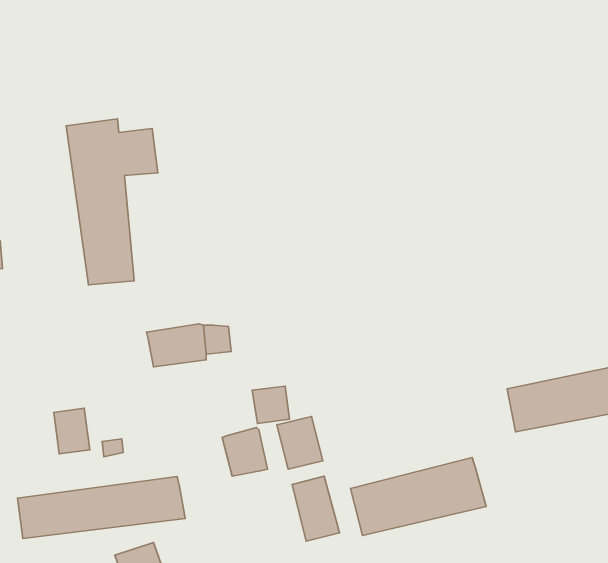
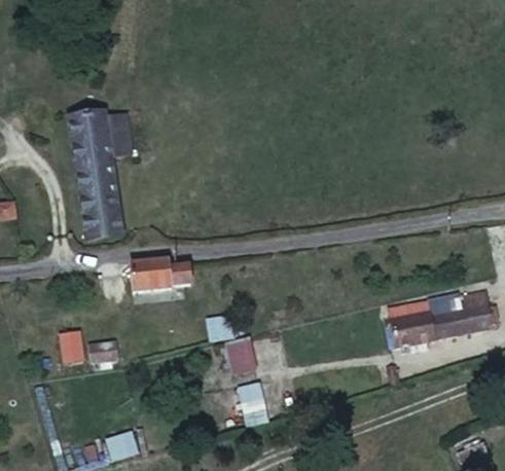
building: [222,427,267,476] -> none
building: [351,457,486,535] -> none
building: [18,476,185,538] -> none

